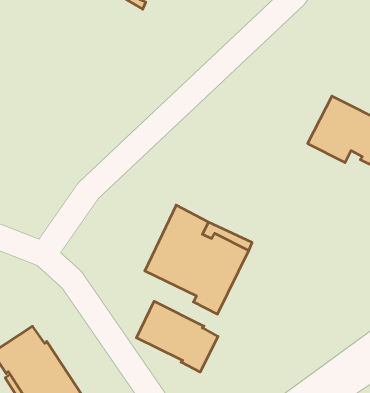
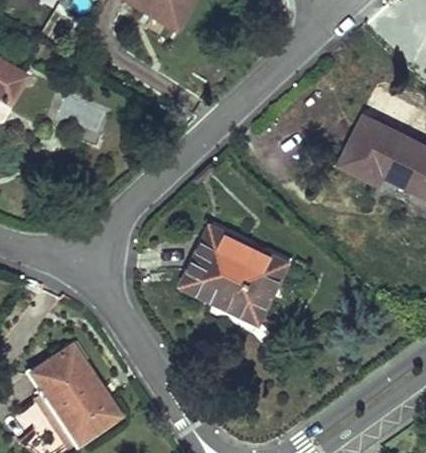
building: [136,301,218,372] -> none

